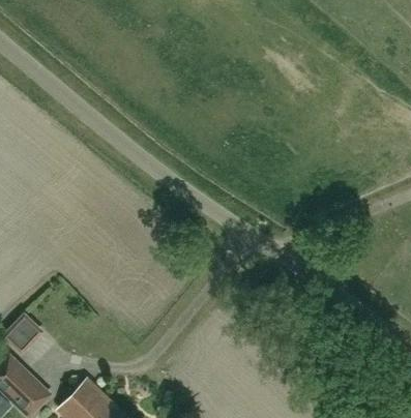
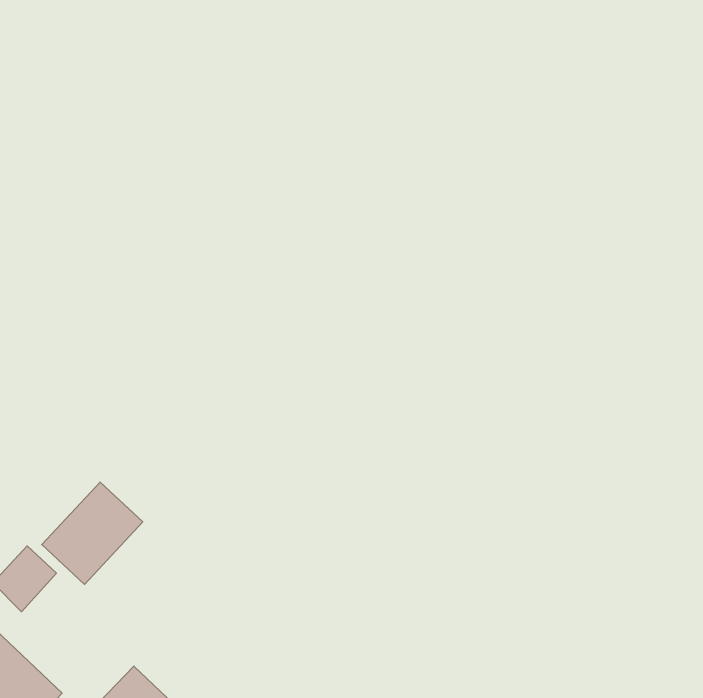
building: none -> [42,482,143,584]

